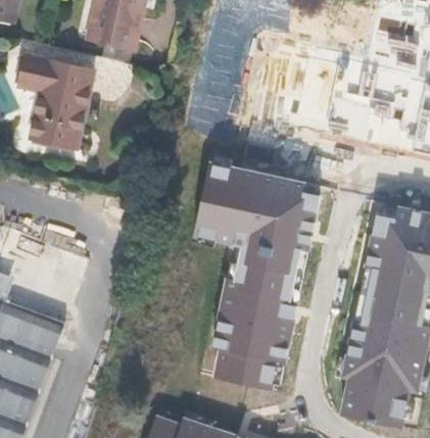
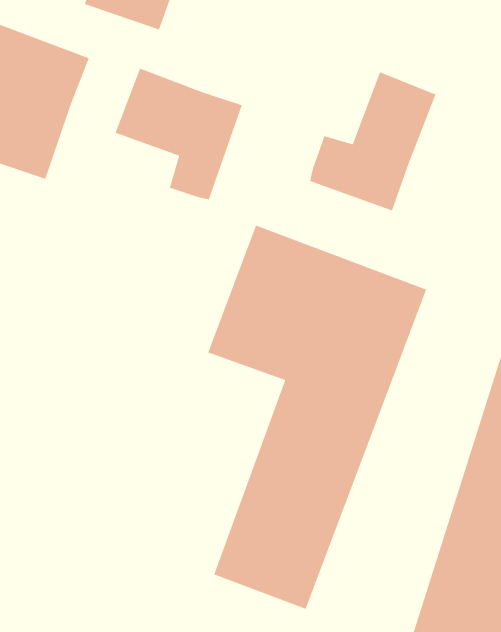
building: none -> [309,71,437,211]
building: none -> [114,68,243,200]

